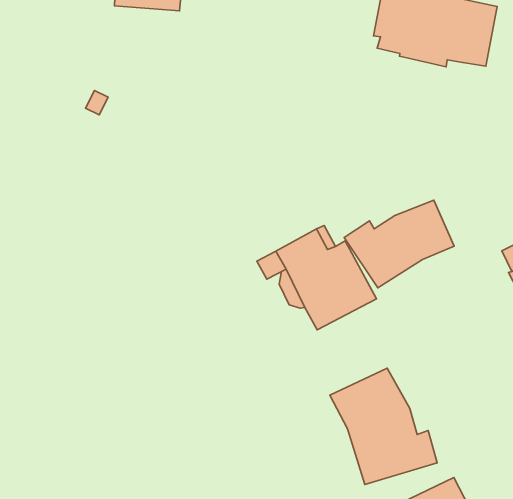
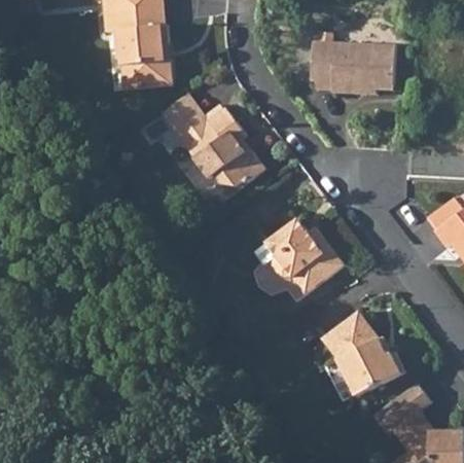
building: none -> [160,93,266,198]
building: [344,200,454,288] -> none

